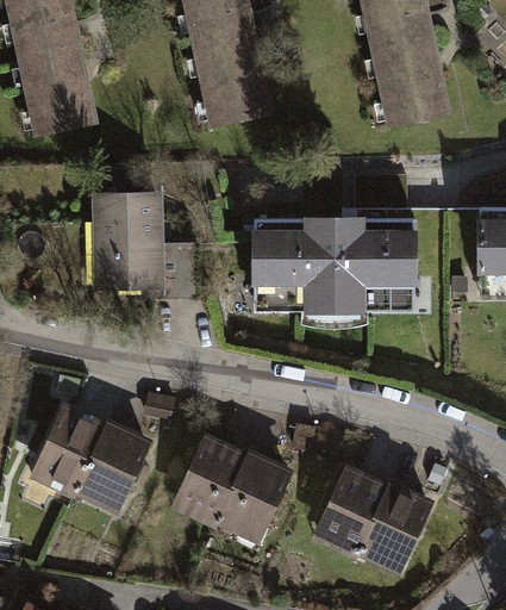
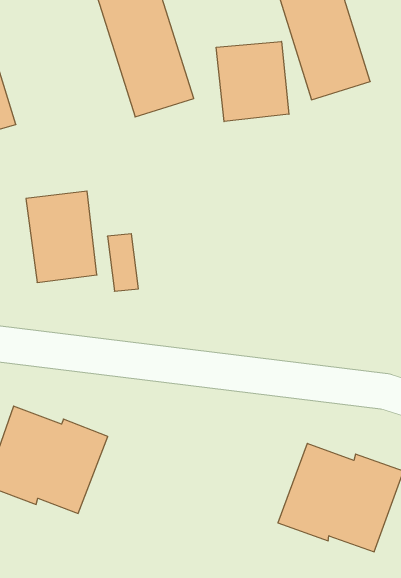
building: none -> [216,41,289,122]
building: [255,218,414,311] -> none
building: [169,431,296,542] -> none

